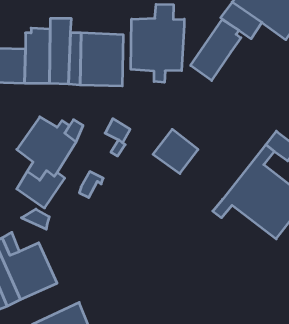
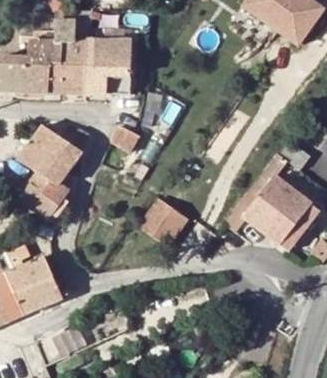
building: [131,4,184,82] -> none
building: [191,20,241,81] -> none
building: [153,129,198,174] -> [141,198,188,244]

